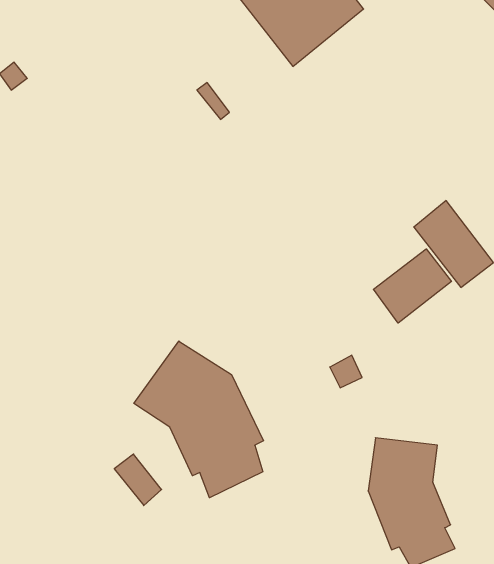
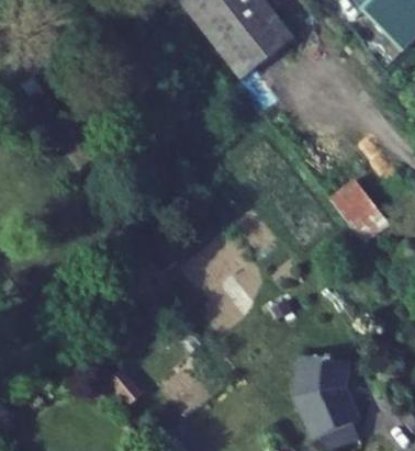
building: [373,249,451,323] -> none
building: [134,341,263,498] -> none

